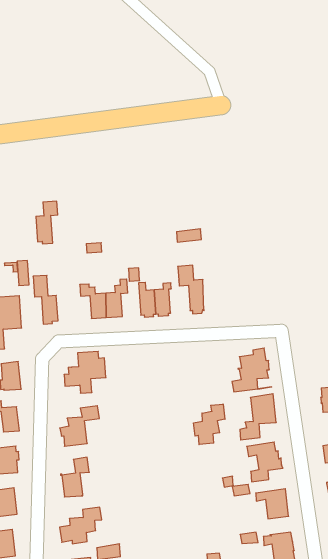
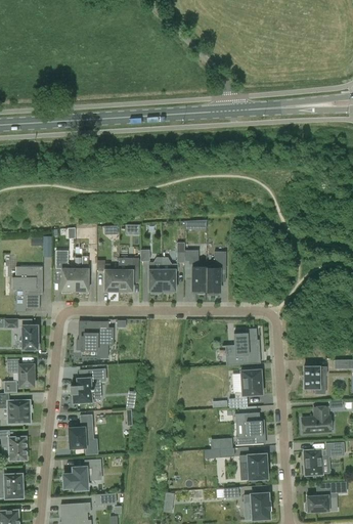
building: [36,201,58,244] -> [75,256,94,293]
building: none -> [205,251,225,294]
building: [194,404,225,445] -> none

